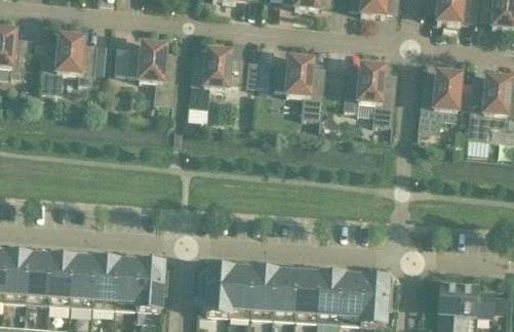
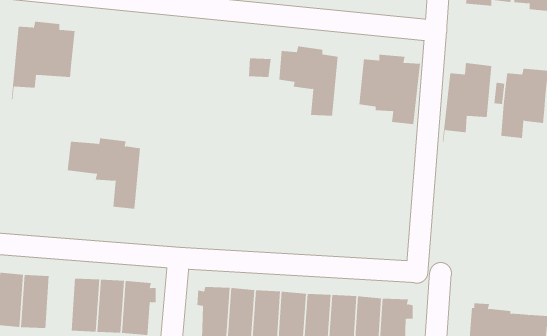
building: [114,43,179,118] -> [67,138,141,223]
building: [188,50,244,119] -> none
building: [71,258,95,306] -> none

